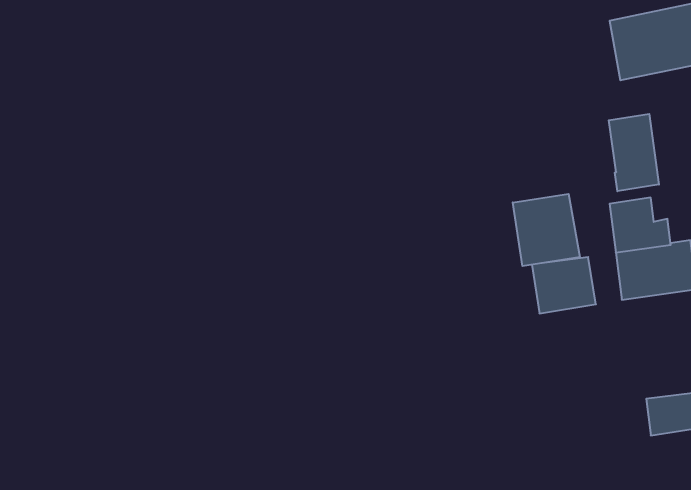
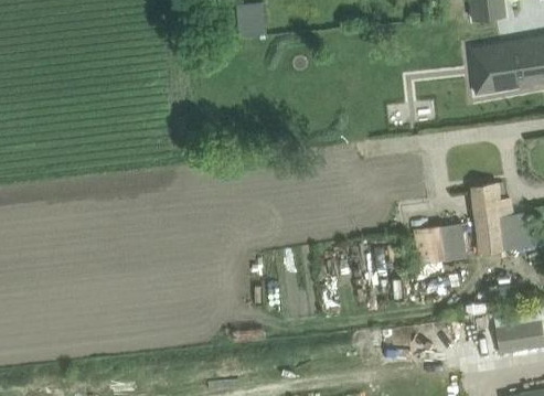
building: [609,114,659,191] -> none
building: [513,194,580,266] -> none

